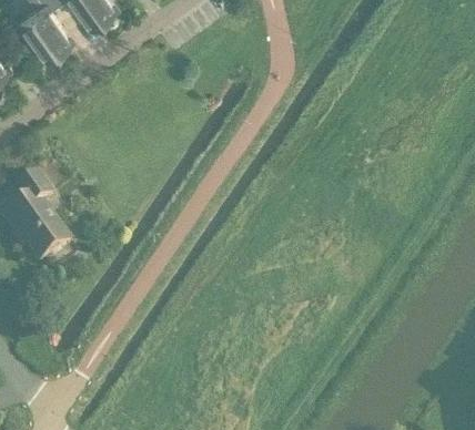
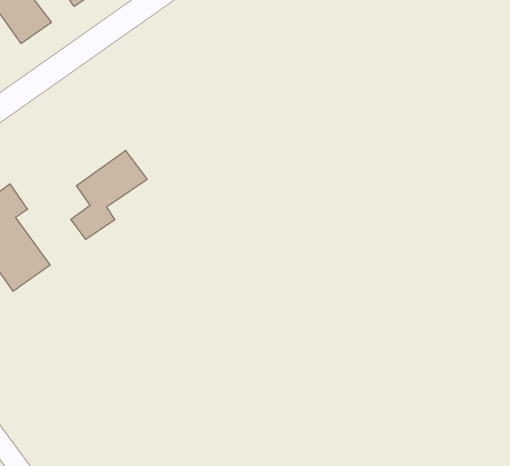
building: none -> [71,150,147,239]

